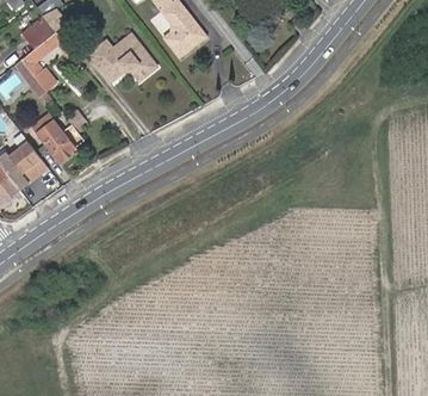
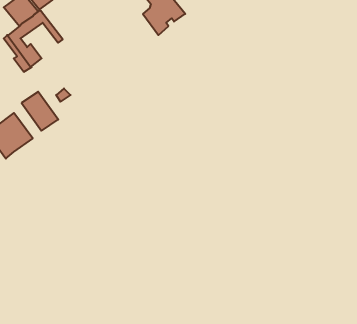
building: [91,33,159,82] -> none

